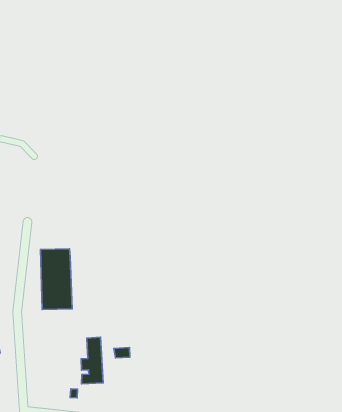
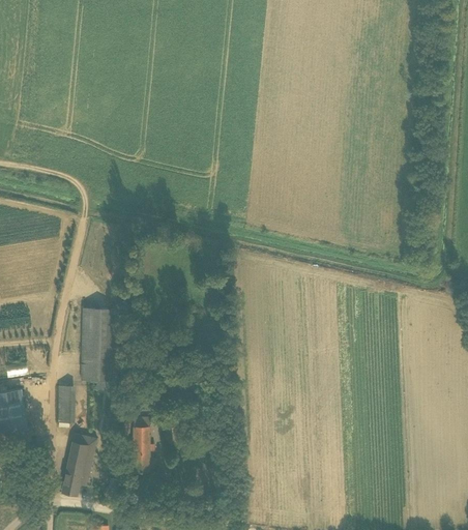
building: none -> [57,385,76,426]
building: none -> [61,434,96,496]

